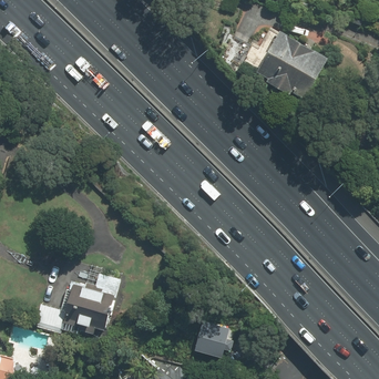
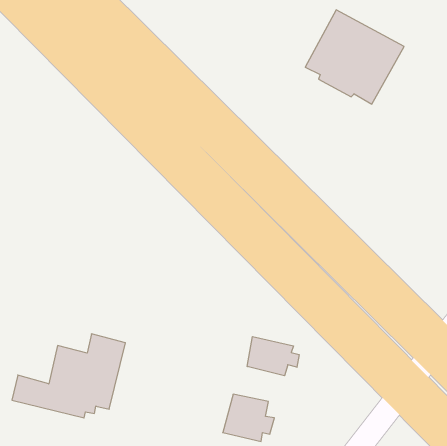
building: none -> [247,337,299,376]

